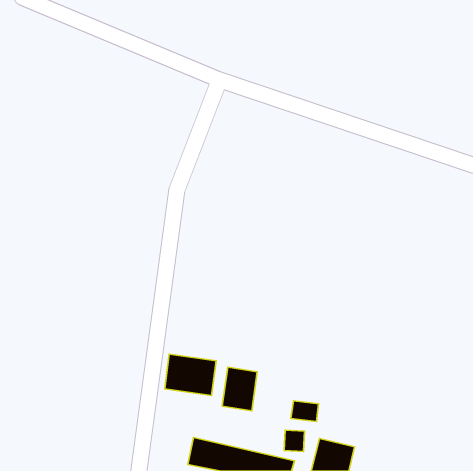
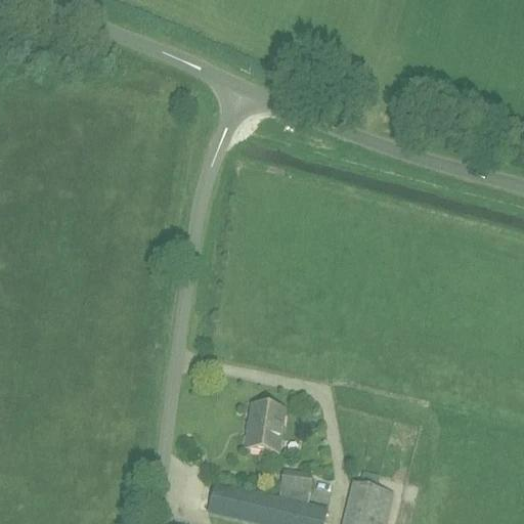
building: [165,354,216,396] -> none
building: [291,401,318,421] -> [279,469,310,491]

